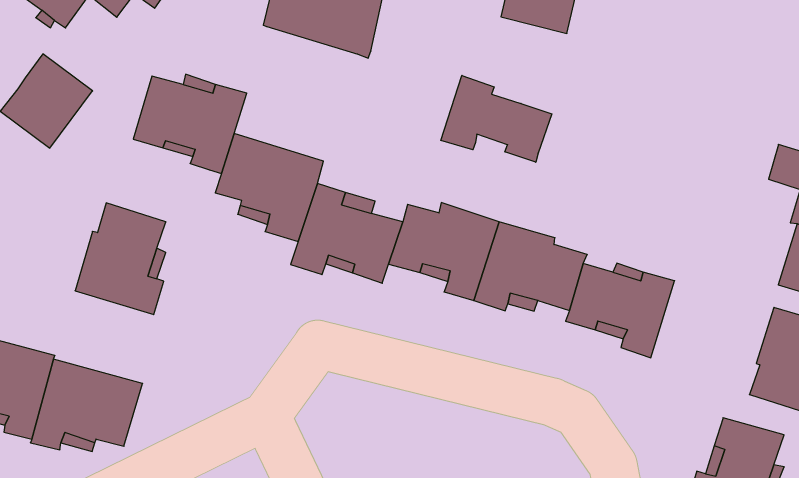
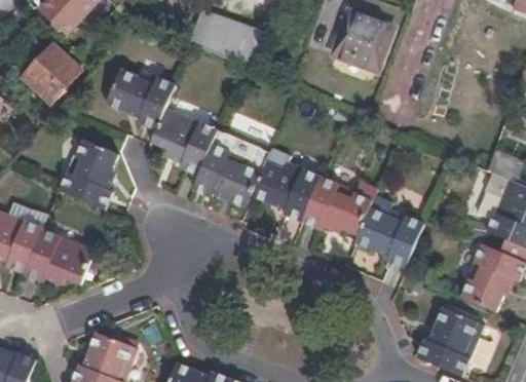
building: [441,75,552,162] -> none

